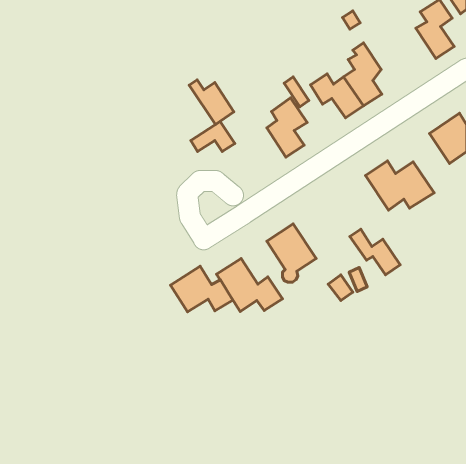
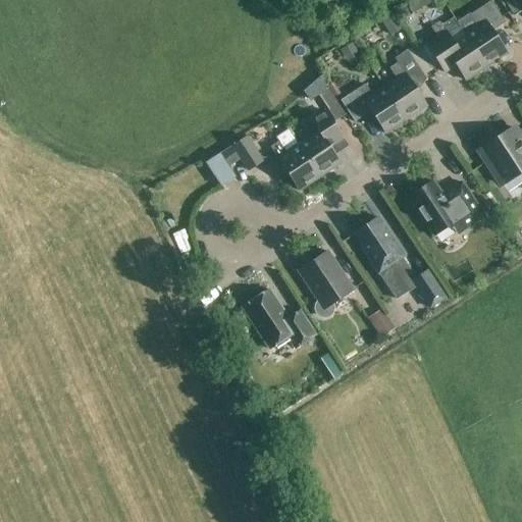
building: none -> [427,30,487,79]
building: [189,80,234,125] -> [270,140,320,190]
building: none -> [355,216,405,272]
building: [170,266,233,312] -> none

